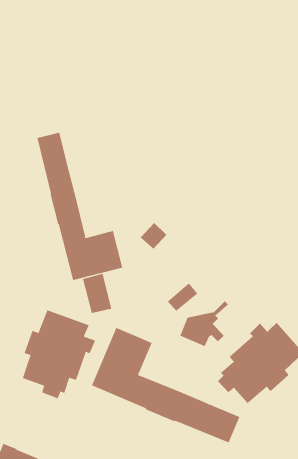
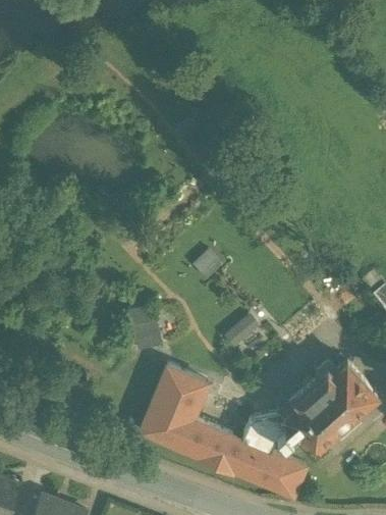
building: [37,132,123,281] -> none
building: [180,300,229,347] -> [242,400,297,452]
building: [22,309,96,399] -> none

